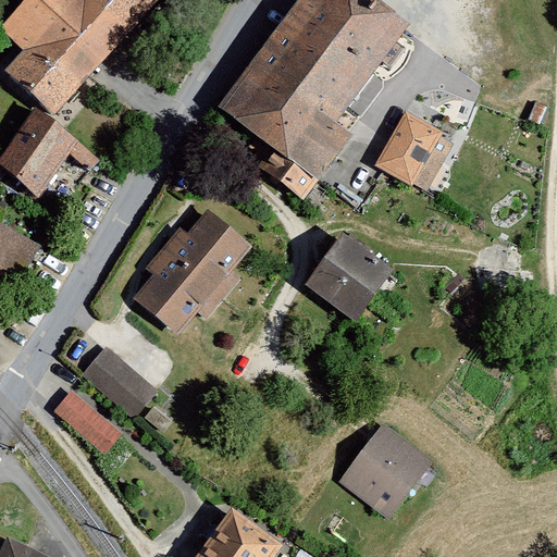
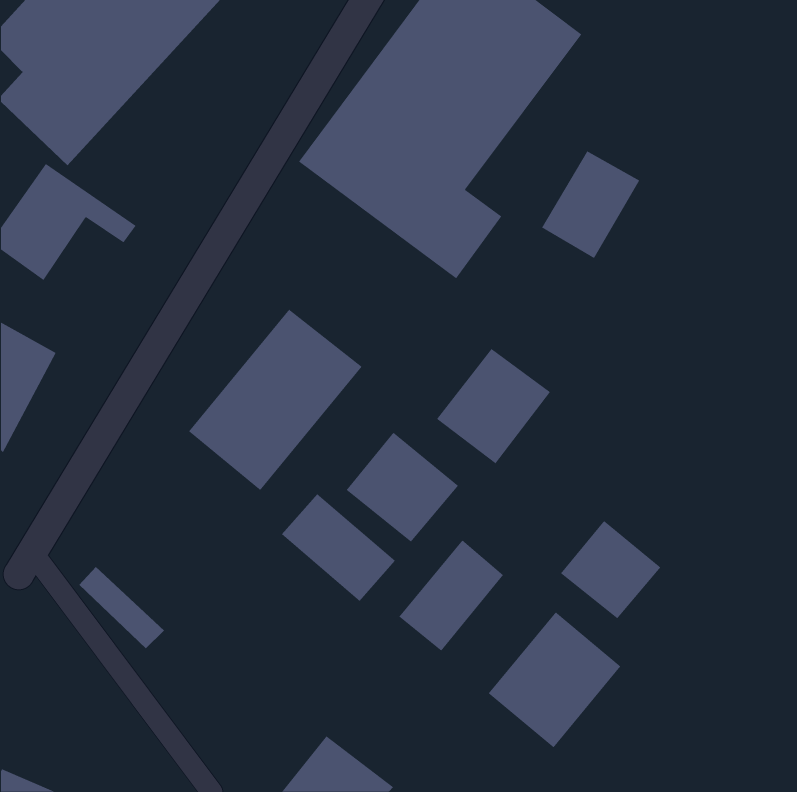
building: none -> [346,432,459,543]
building: [88,337,168,412] -> [281,494,396,602]
building: none -> [560,520,661,619]
building: none -> [399,539,504,652]

